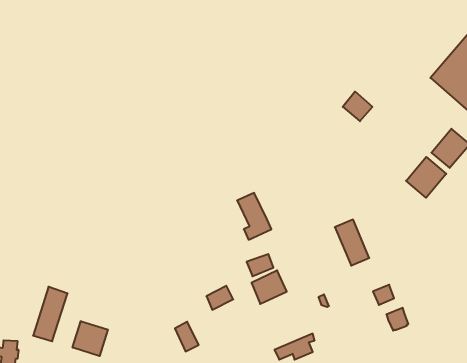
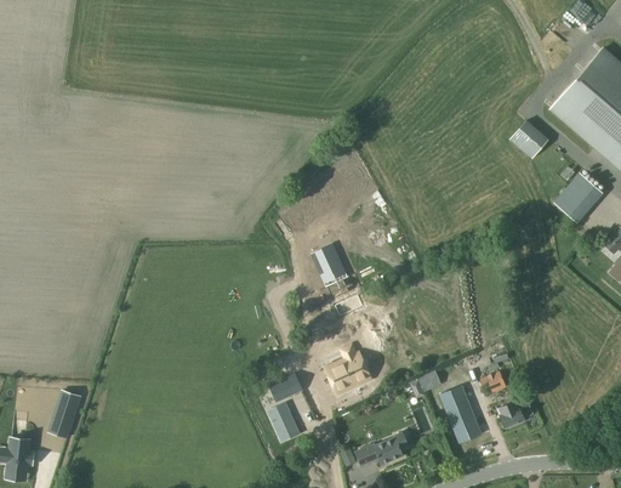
building: [343,92,372,121] -> [511,120,548,158]
building: [406,157,446,198] -> none
building: [335,220,369,266] -> [440,381,484,439]
building: [73,321,108,356] -> none
building: [175,322,199,351] -> [269,403,300,441]

